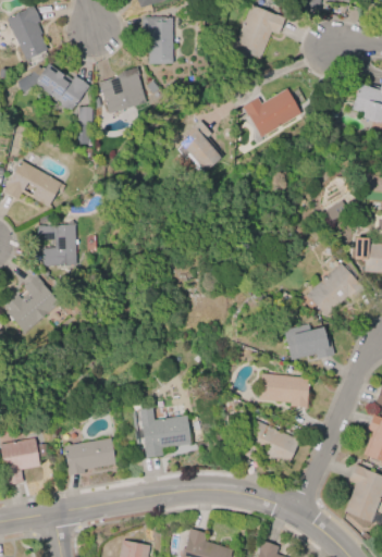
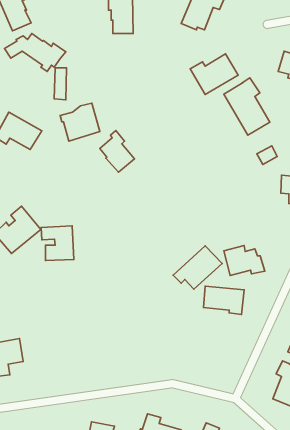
building: [99,67,148,114] -> [60,103,100,141]
building: none -> [224,78,270,135]
building: [182,121,224,172] -> [100,131,134,172]
building: [38,224,78,267] -> [41,226,74,260]
building: [301,263,361,317] -> [173,246,222,289]
building: [139,407,192,457] -> none
building: [243,421,299,467] -> none
building: [64,438,116,475] -> none

